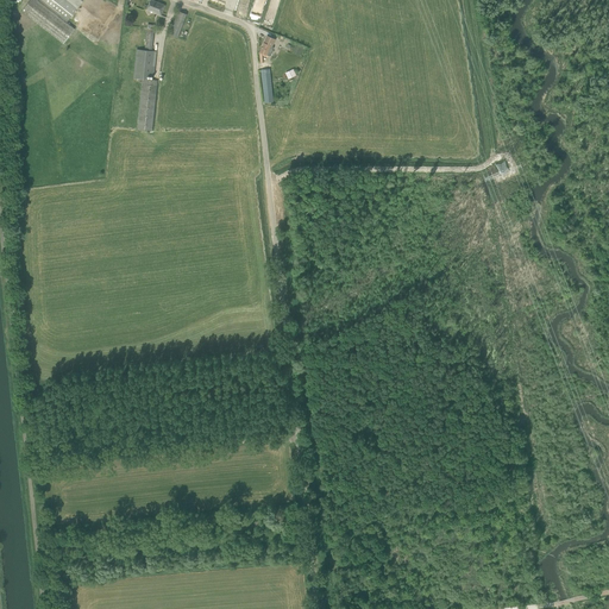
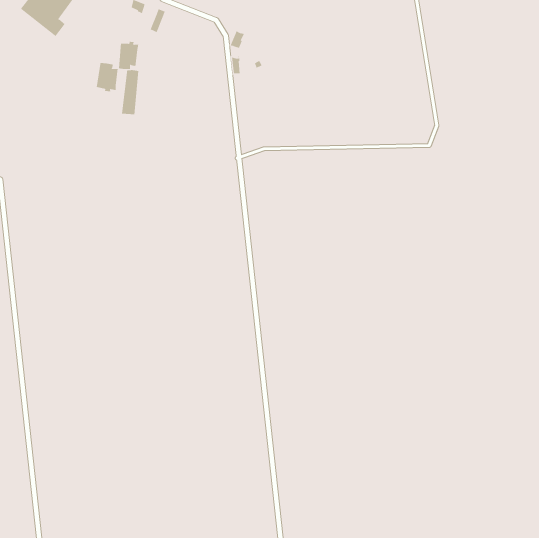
building: none -> [96,62,118,92]

